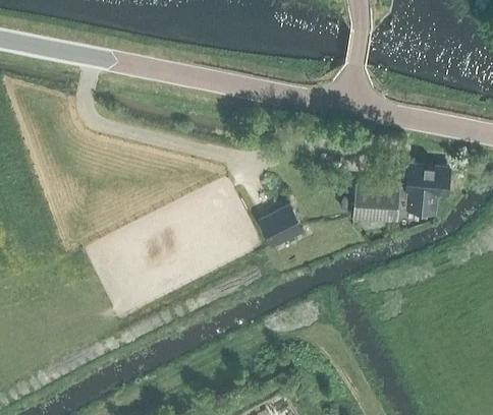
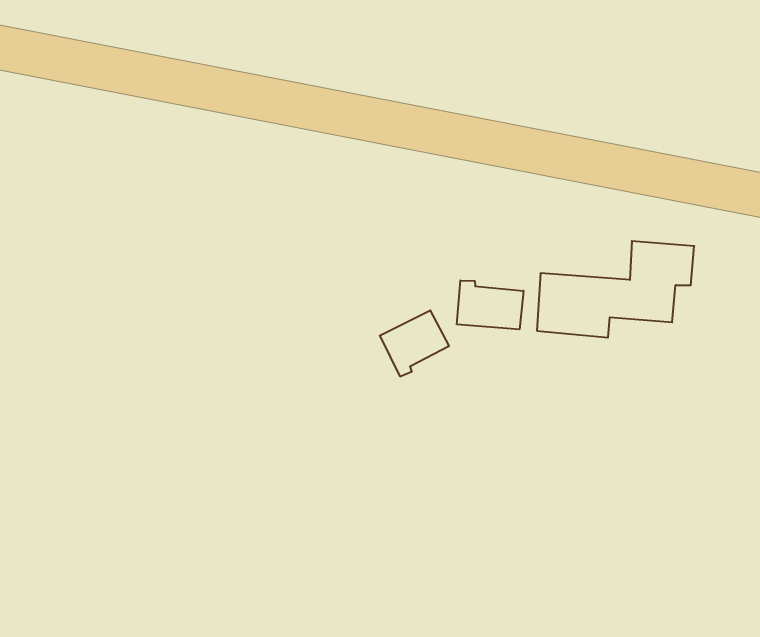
building: none -> [457,280,523,329]

